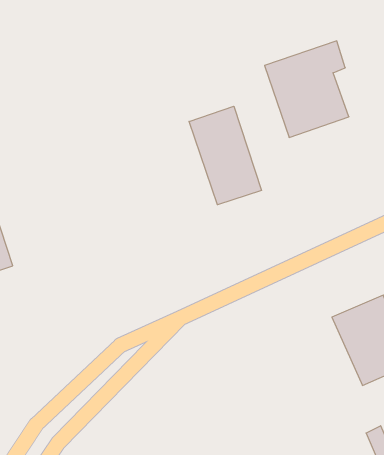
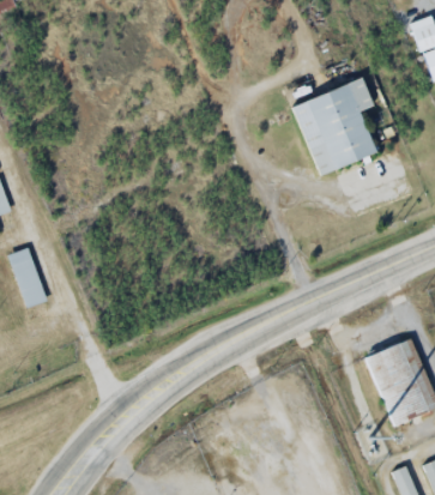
building: [189,106,261,205] -> none

